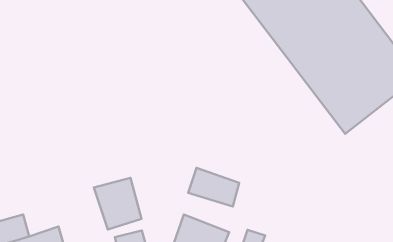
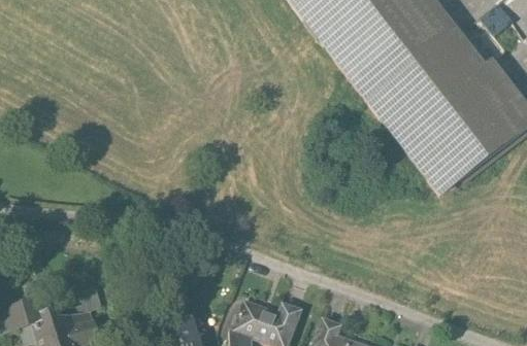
building: [188,168,239,206] -> none
building: [94,178,142,230] -> none

